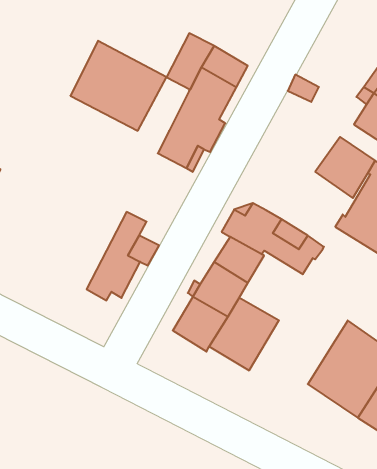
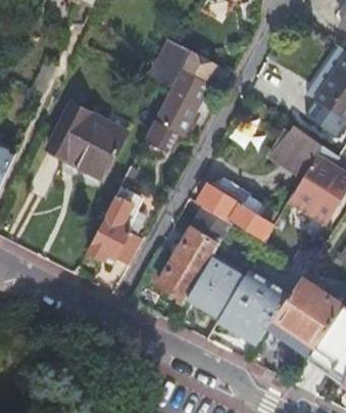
building: [70,41,167,131] -> [46,104,125,178]
building: none -> [218,268,289,340]

